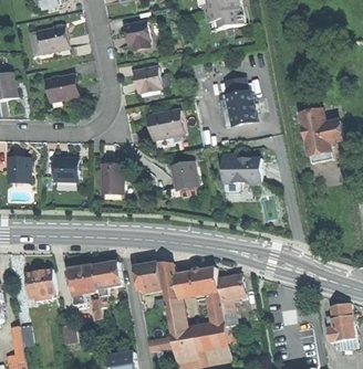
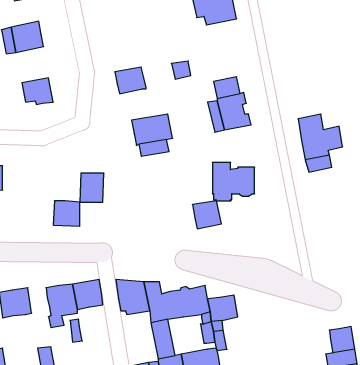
building: [123,20,149,49] -> none
building: [52,157,76,180] -> [53,201,80,226]
building: [169,160,196,186] -> [192,201,221,229]

